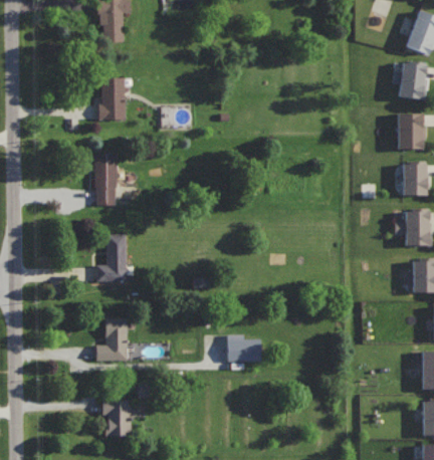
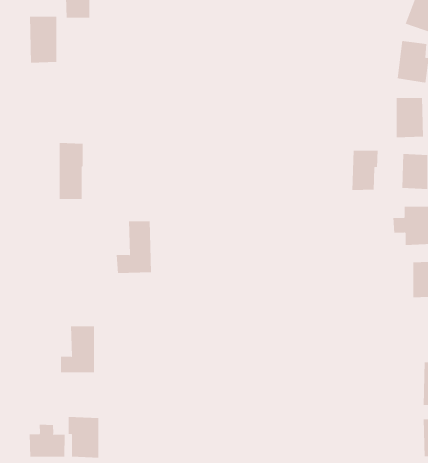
building: [99,78,125,121] -> [29,16,57,63]
building: none -> [352,150,378,191]
building: [94,235,127,282] -> [116,221,152,274]
building: [227,334,260,362] -> none
building: none -> [29,424,65,458]

